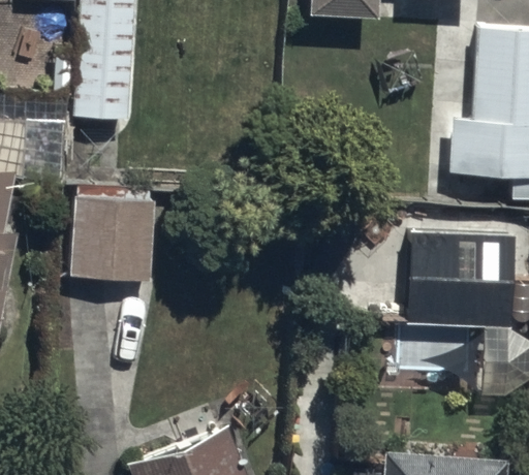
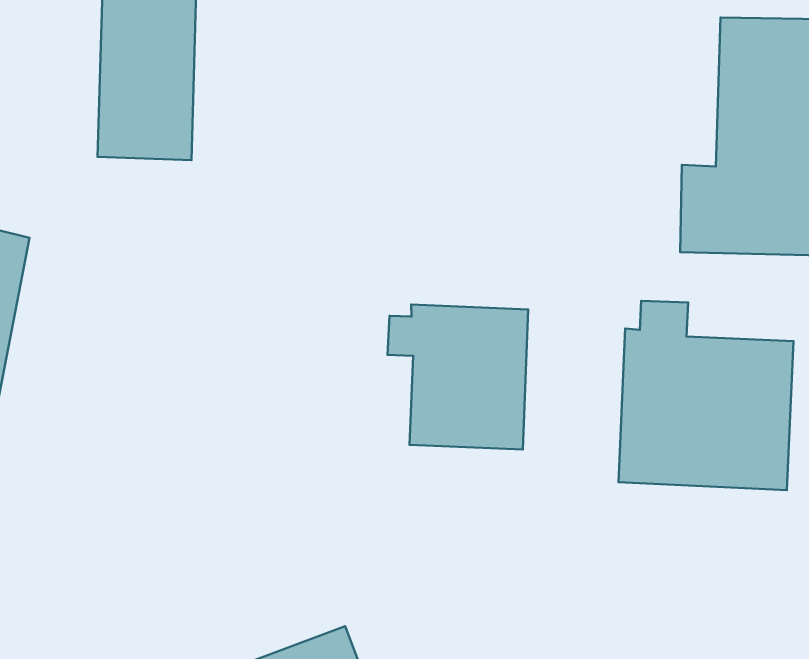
building: [72,205,150,288] -> none
building: none -> [387,304,528,450]

